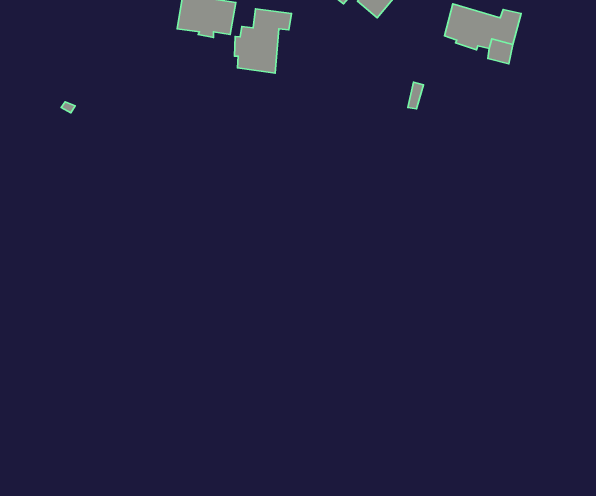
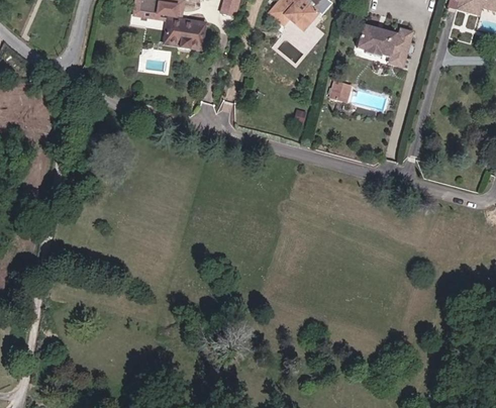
building: [235,9,292,73] -> none

